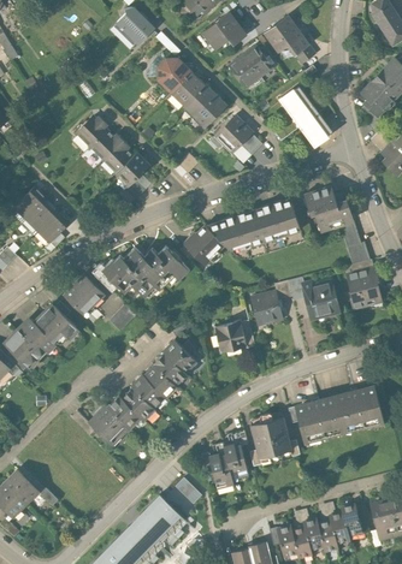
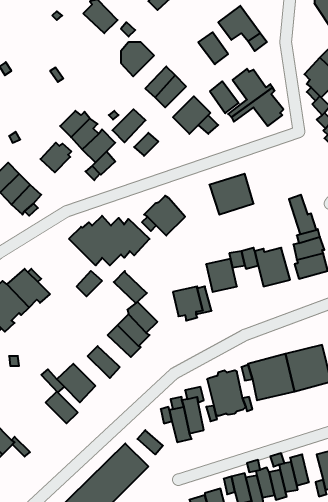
building: [203,14,247,51] -> none
building: [229,55,260,90] -> [210,81,239,113]
building: [171,70,207,106] -> [112,109,146,142]
building: [76,114,110,147] -> [40,143,71,172]
building: [303,185,354,232] -> none
building: [209,210,265,250] -> none
building: [63,272,107,315] -> none
building: [131,373,167,408] -> [114,271,147,303]
building: [107,394,142,429] -> [46,391,78,423]

